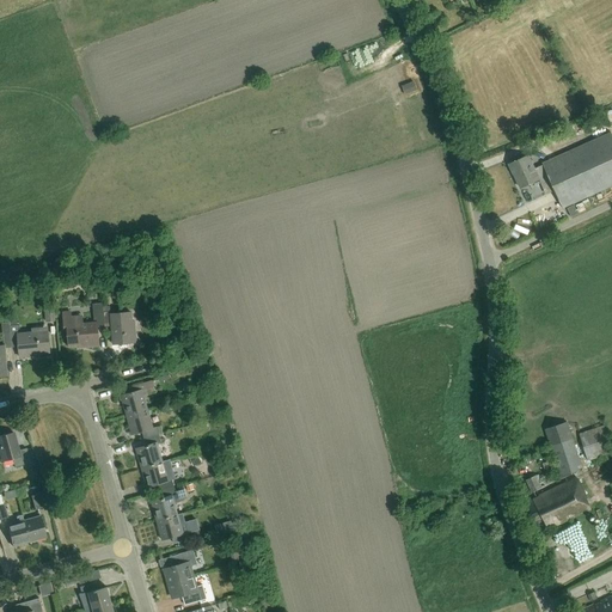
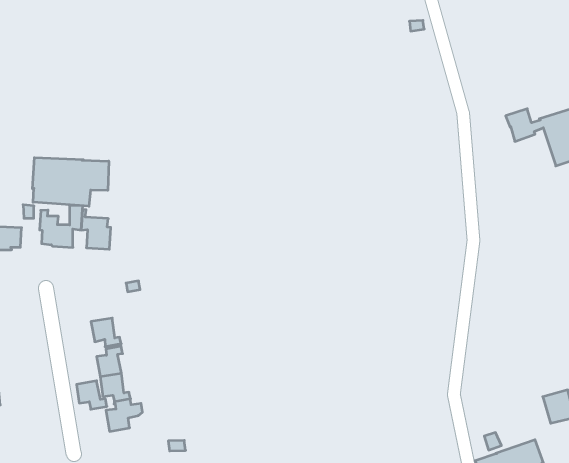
building: none -> [33,158,109,206]
building: [122,380,157,415] -> none
building: [545,422,582,479] -> none
building: [158,514,190,543] -> [77,381,107,409]

